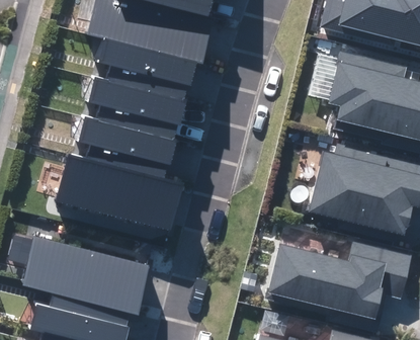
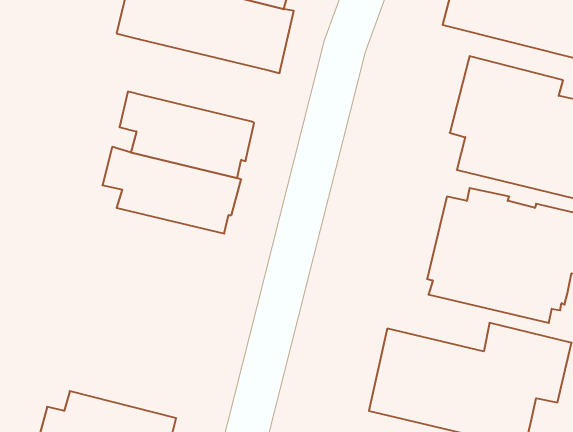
building: [97,37,195,96] -> none
building: [57,154,183,227] -> none
building: [23,234,150,310] -> none

